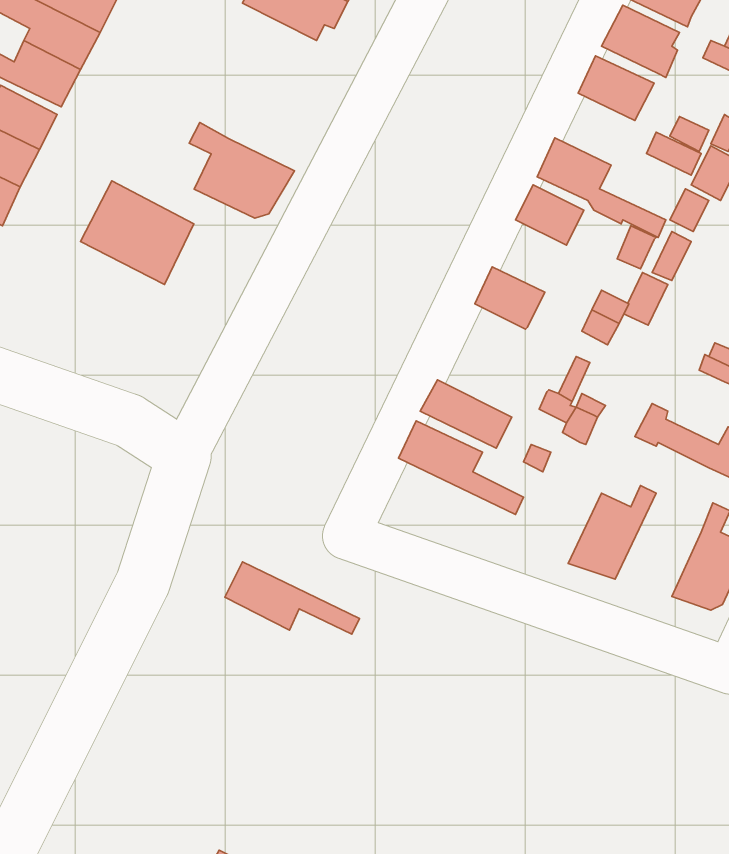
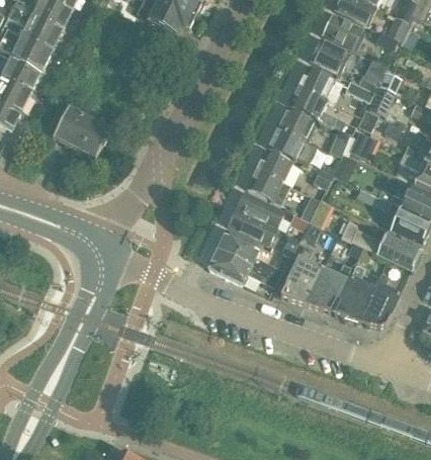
building: none -> [297,64,343,101]
building: [189,122,294,218] -> none
building: none -> [267,124,317,164]
building: none -> [247,168,289,203]
building: none -> [237,190,283,226]
building: none -> [279,244,322,302]
building: none -> [333,264,373,319]
building: [225,562,360,634] -> [207,248,277,285]

